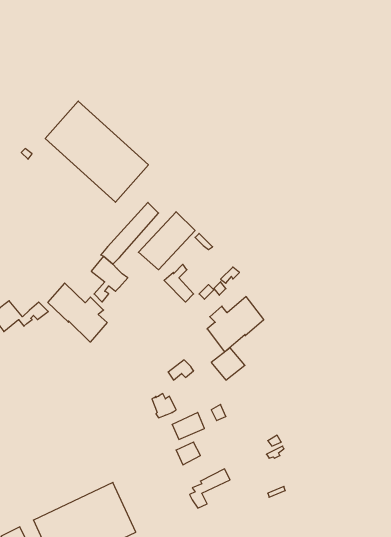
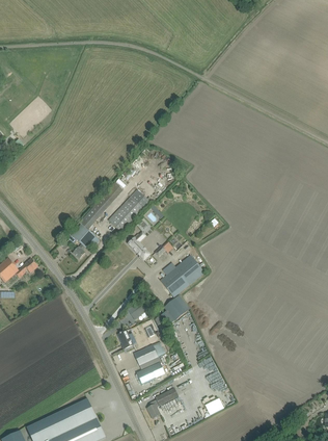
building: [45,101,148,202] -> none
building: [48,283,107,342] -> none

